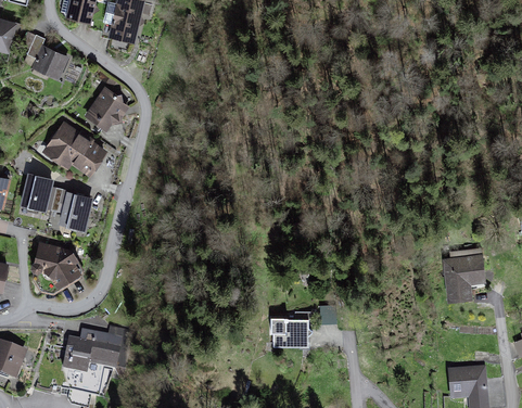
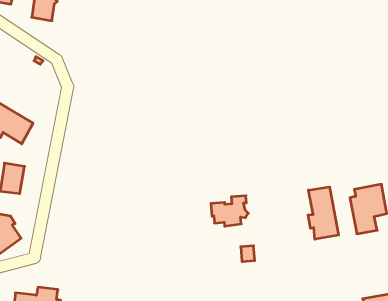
building: [82,88,124,132] -> none
building: none -> [308,187,339,239]
building: [271,311,311,343] -> [211,196,248,226]

